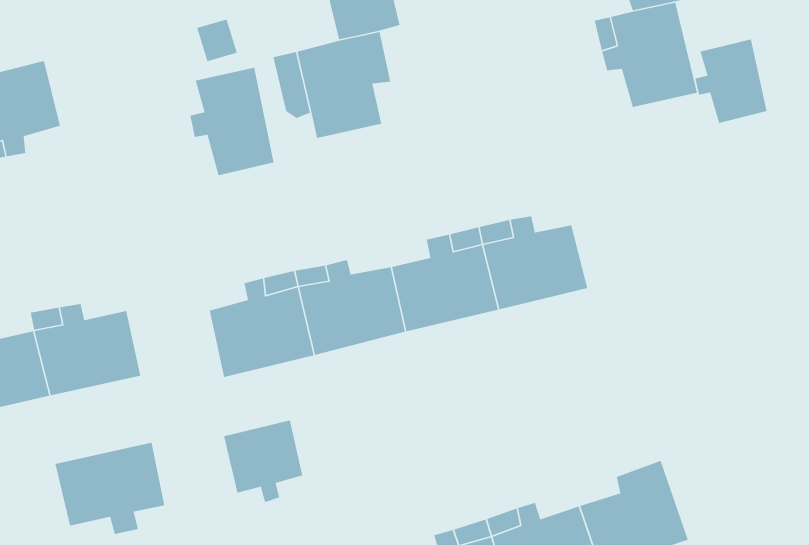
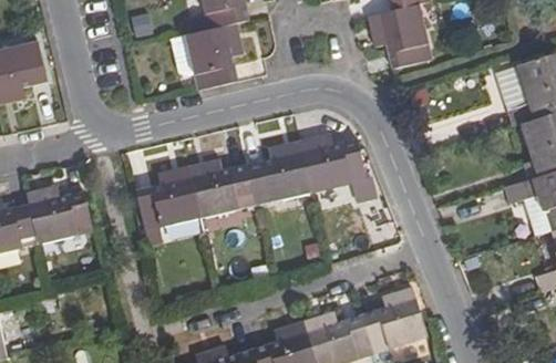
building: [694,39,767,124] -> none
building: [189,67,274,176] -> none
building: [223,419,303,503] -> none
building: [55,442,165,535] -> none

